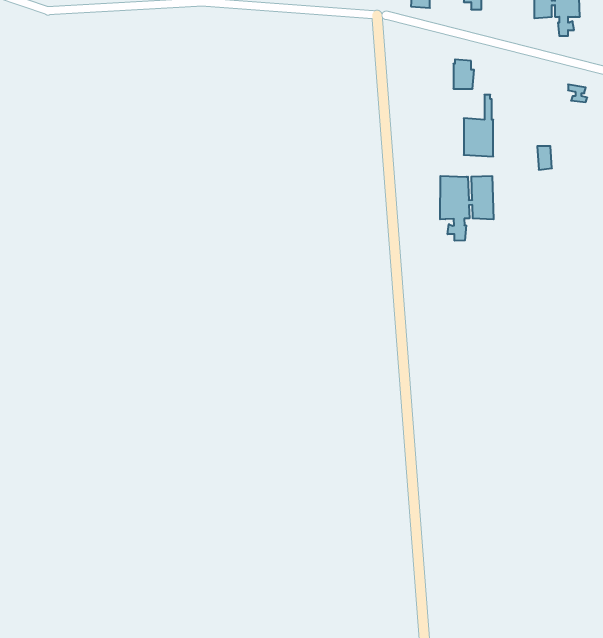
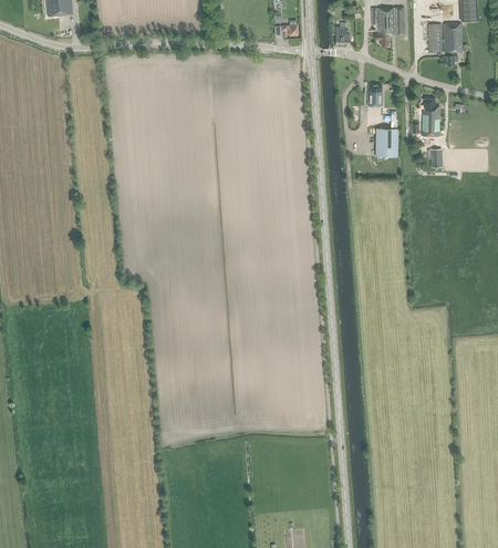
building: none -> [421,97,438,135]
building: [440,176,494,241] -> none

